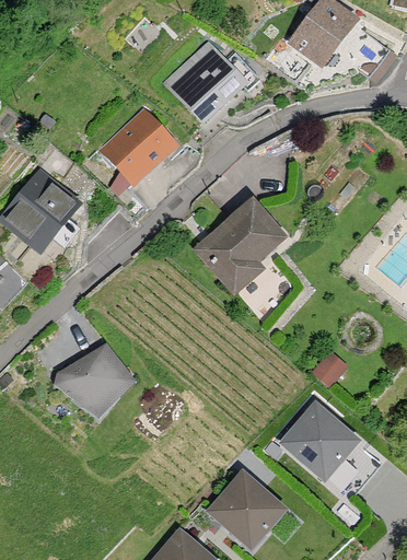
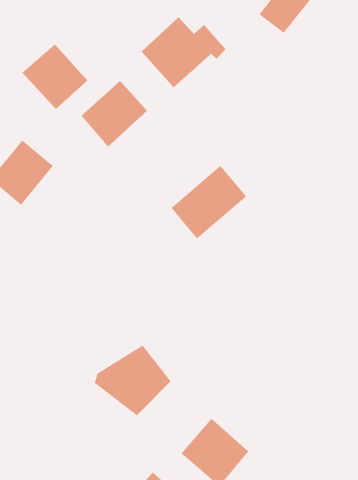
building: none -> [21,44,88,110]
building: [54,341,137,418] -> [94,344,172,416]
building: [283,405,358,478] -> none

